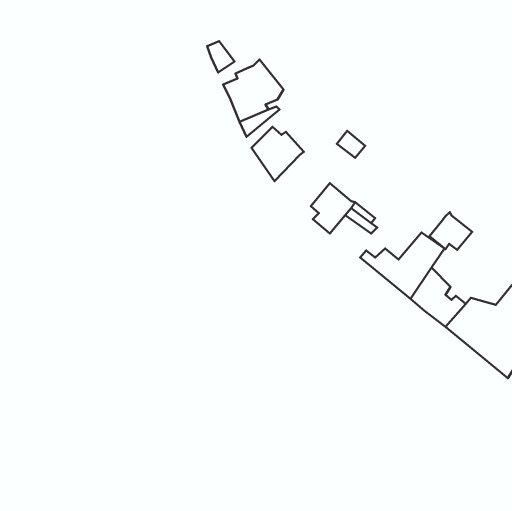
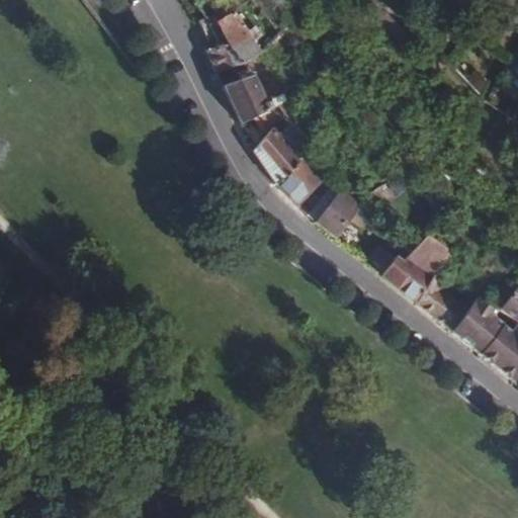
building: none -> [217,8,257,62]
building: none -> [278,156,327,205]
building: [430,212,472,250] -> none

